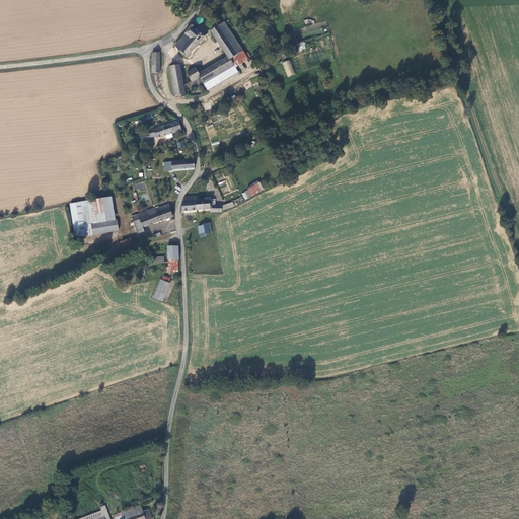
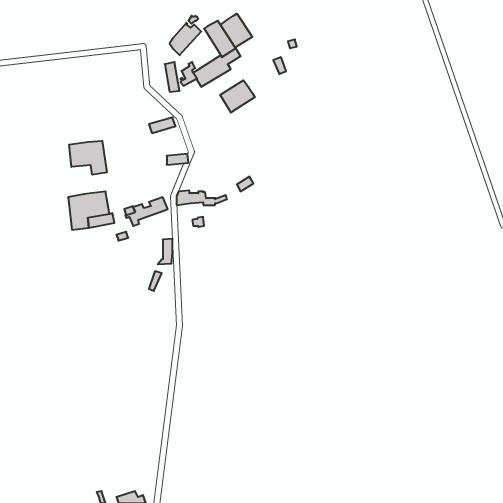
building: none -> [221,14,252,48]
building: none -> [220,80,255,113]
building: none -> [69,141,107,175]

